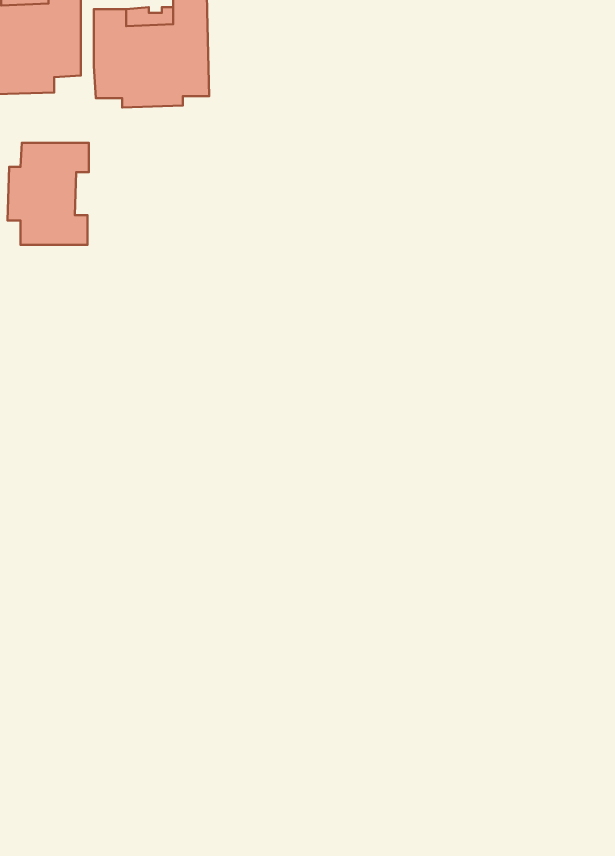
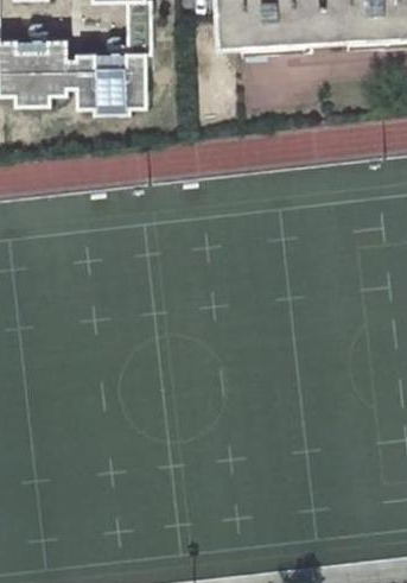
building: [8,143,89,245] -> none

